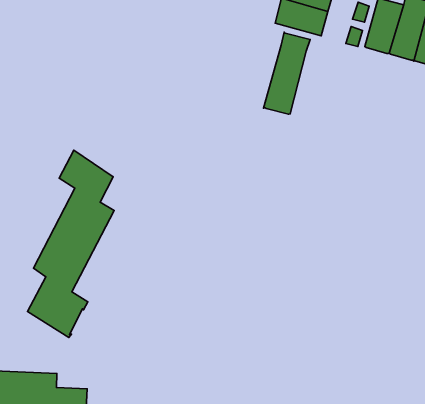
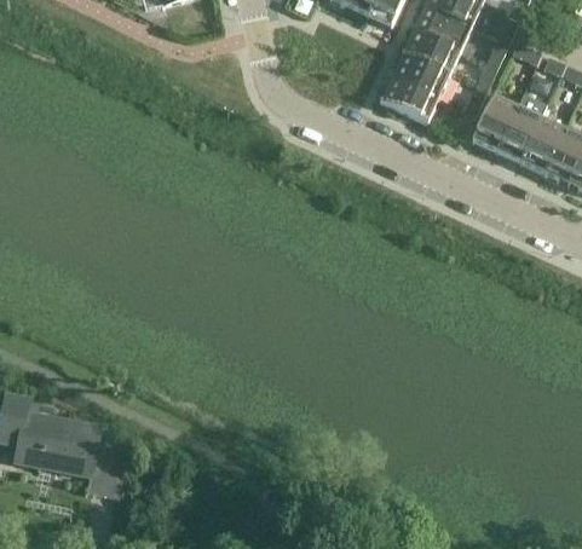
building: [263,32,310,114] -> none
building: [28,150,114,338] -> none

